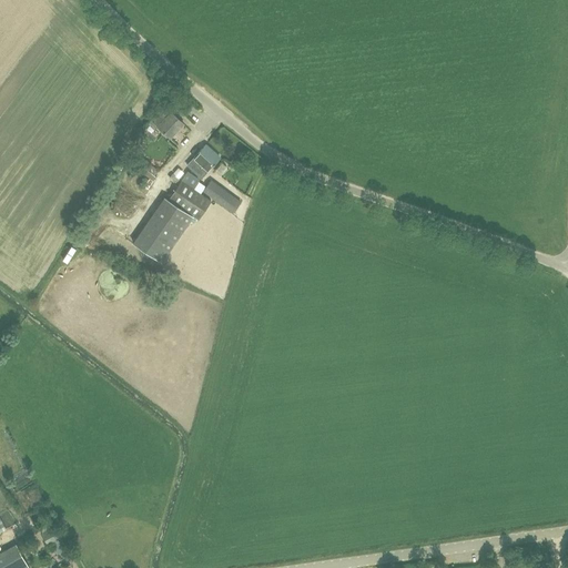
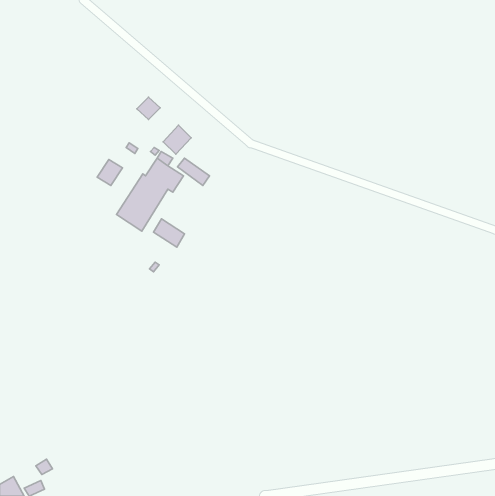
building: none -> [97,159,123,186]
building: none -> [153,219,185,247]

